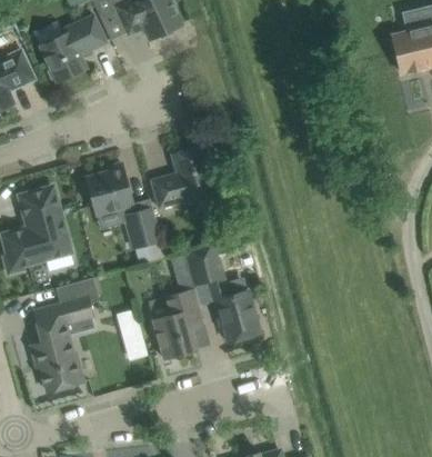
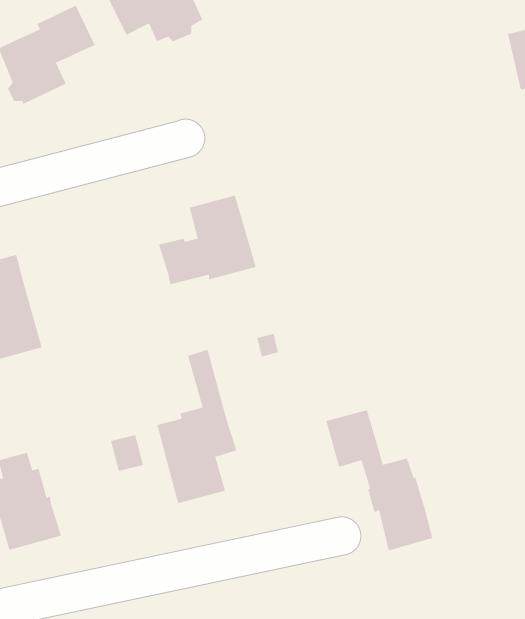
building: [84,168,162,248] -> none
building: [185,245,260,342] -> [326,409,433,551]
building: [54,278,99,322] -> none

